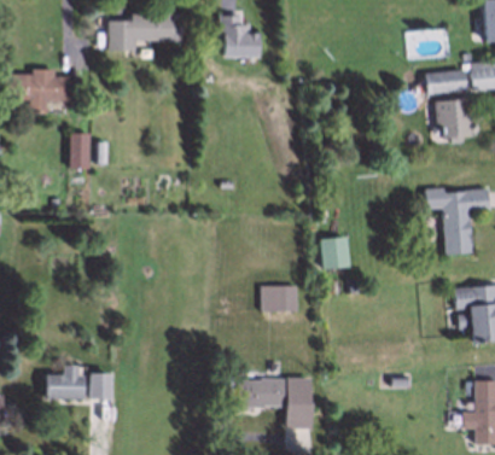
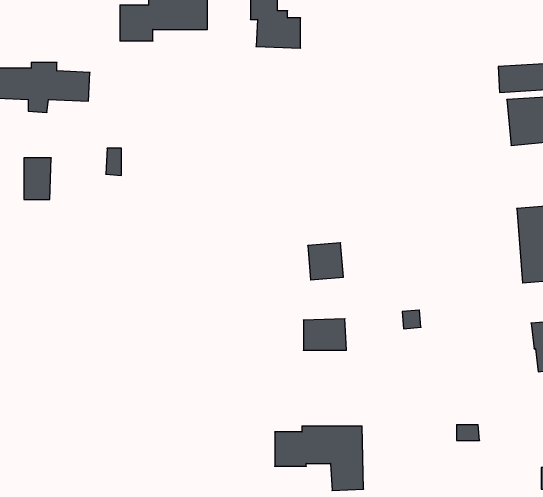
building: [69,133,92,168] -> [24,158,51,199]
building: [320,237,350,268] -> [308,243,343,280]
building: [45,364,85,397] -> none
building: [89,373,111,399] -> none

